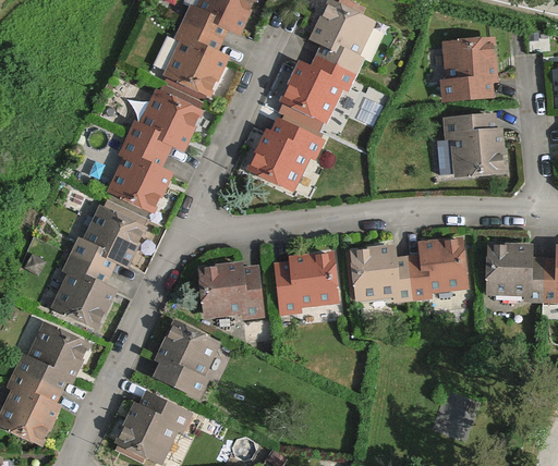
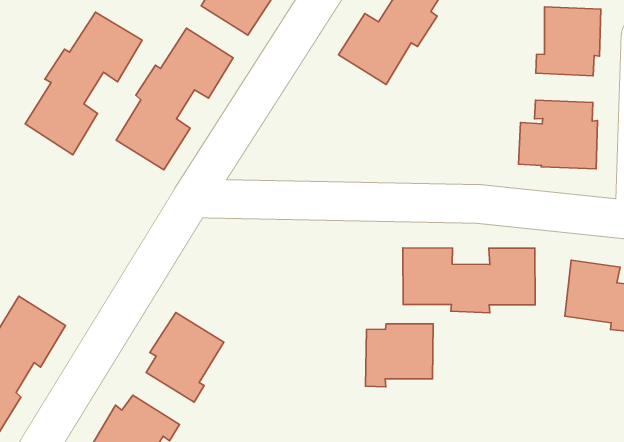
building: [248,123,319,189] -> none
building: [54,210,142,328] -> [25,12,142,155]
building: [277,255,335,311] -> [366,324,433,387]
building: [201,266,260,316] -> none

